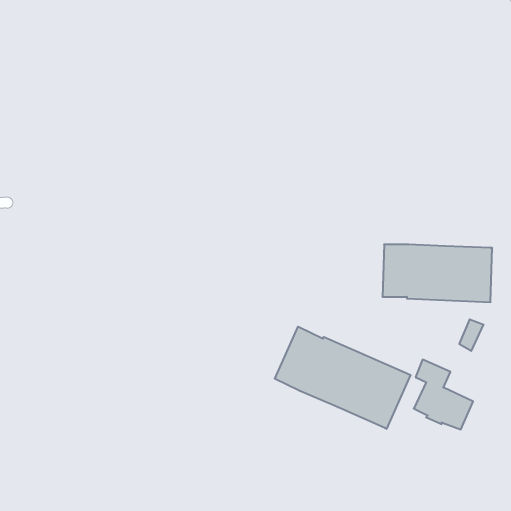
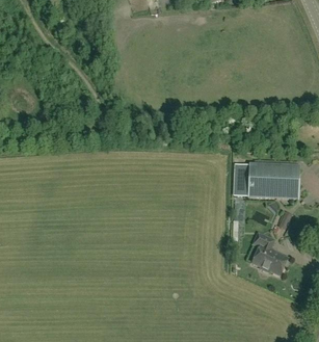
building: [275,327,411,429] -> none

